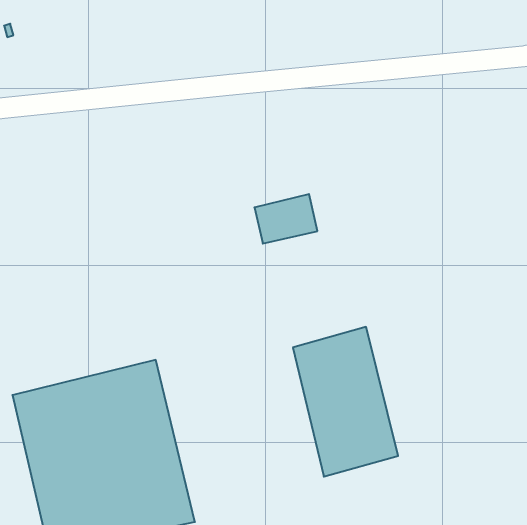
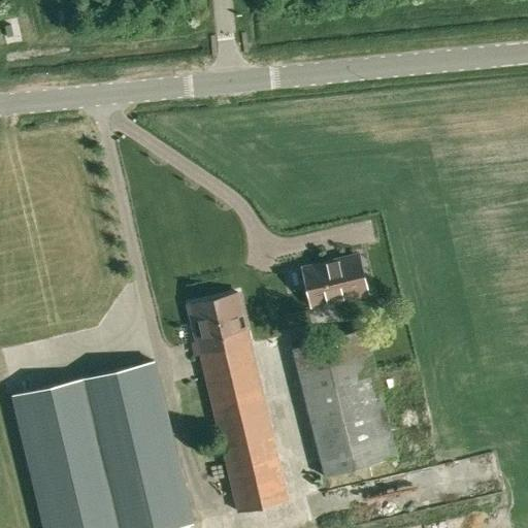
building: [254,194,317,244] -> [303,257,366,306]
building: none -> [189,294,286,514]

